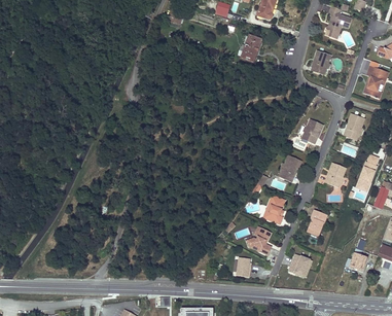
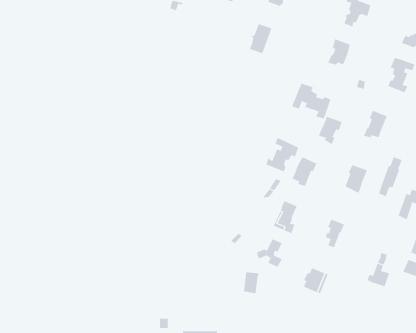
building: none -> [291,83,331,119]
building: none -> [266,137,299,172]

